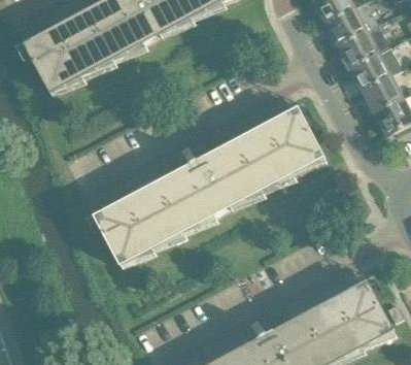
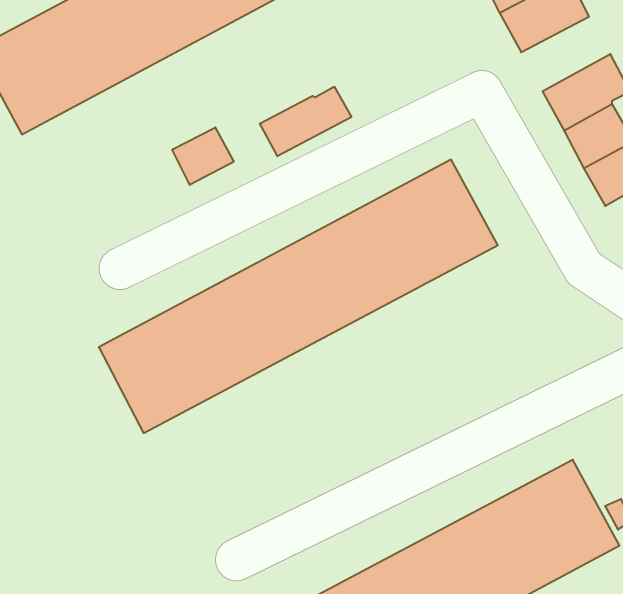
building: [337,24,388,67] -> none
building: none -> [260,87,351,156]
building: none -> [172,127,234,185]

